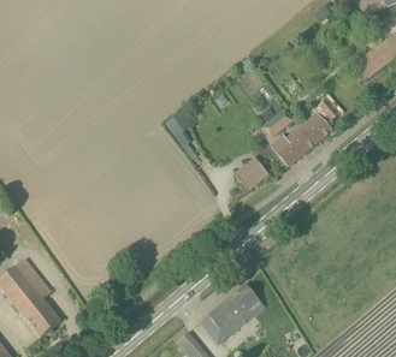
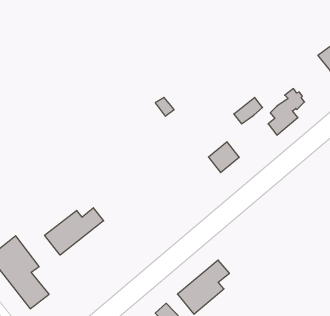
building: [270,124,308,166] -> none
building: none -> [45,208,104,255]

